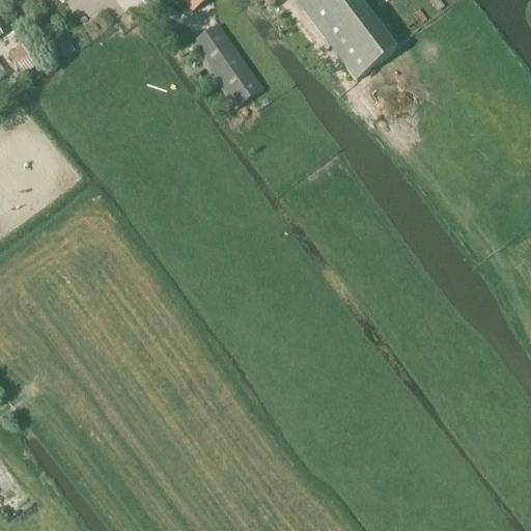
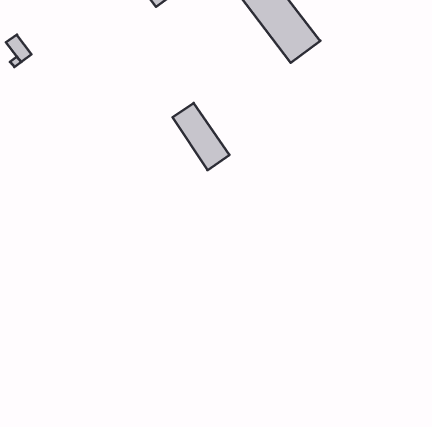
building: [193,23,262,105] -> [173,103,229,170]

